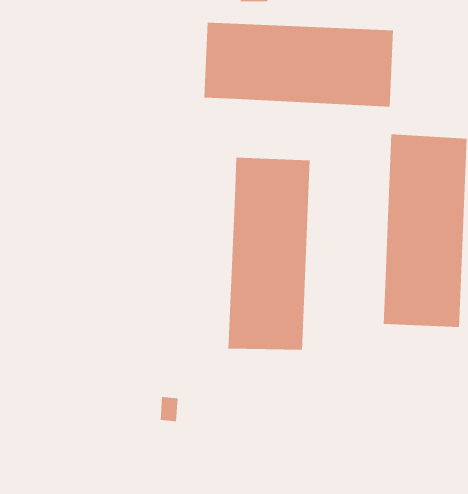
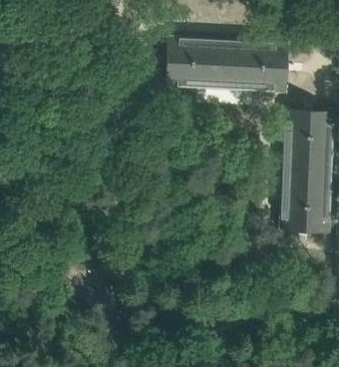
building: [228,157,310,351] -> none

